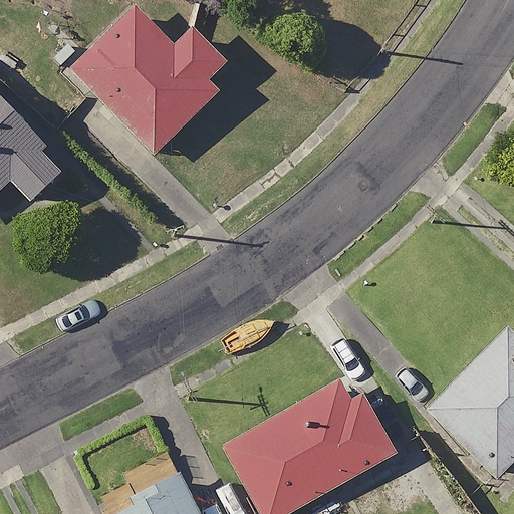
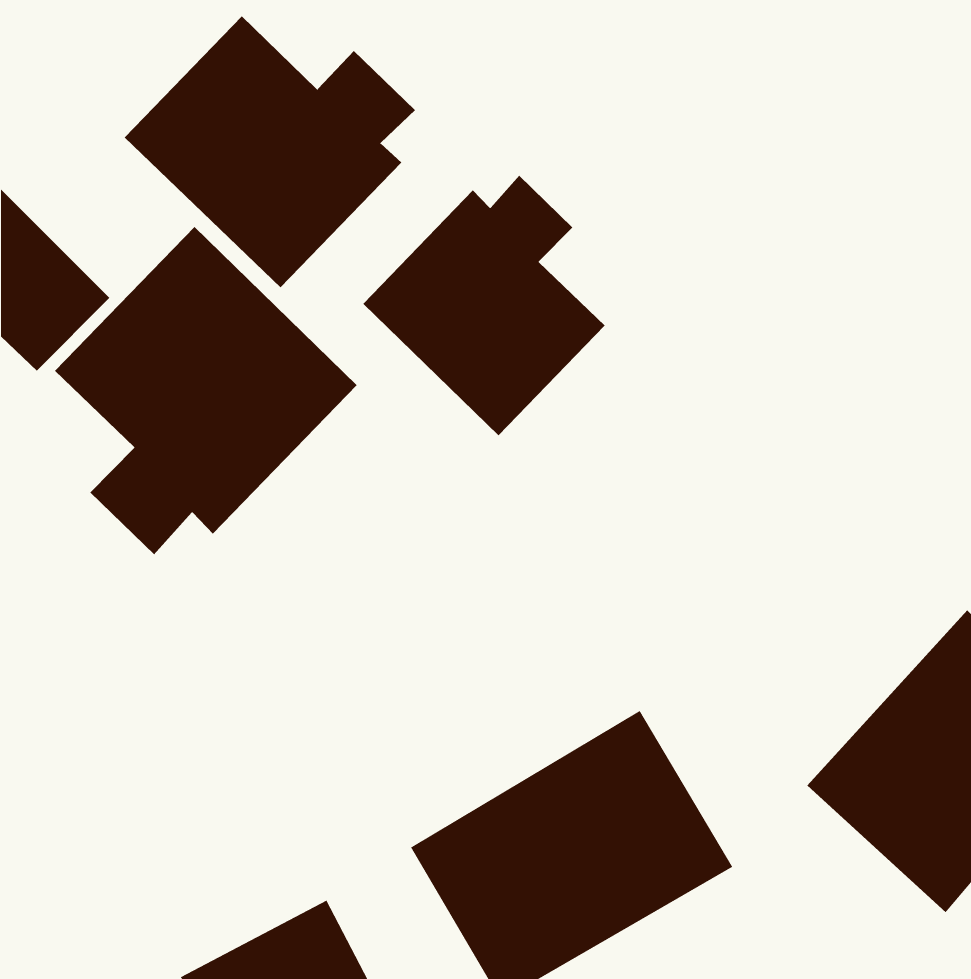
building: none -> [362,175,606,436]
building: none -> [54,226,358,555]

